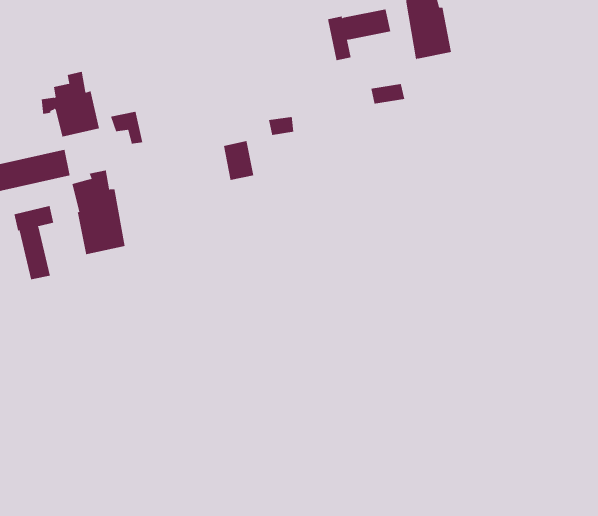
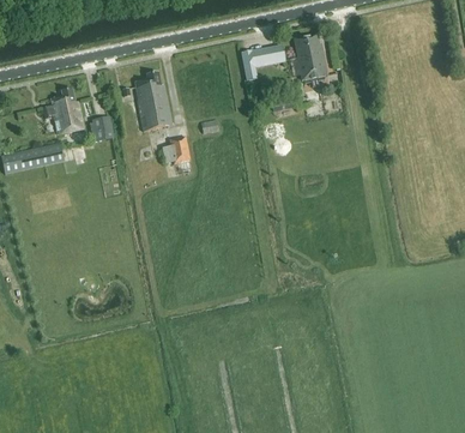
building: [72,170,125,255] -> [134,72,171,131]
building: [14,205,54,280] -> none

